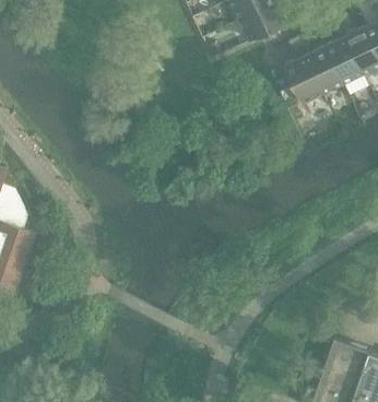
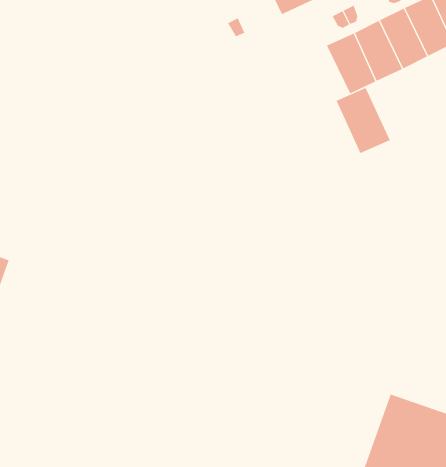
building: none -> [336,87,390,154]

